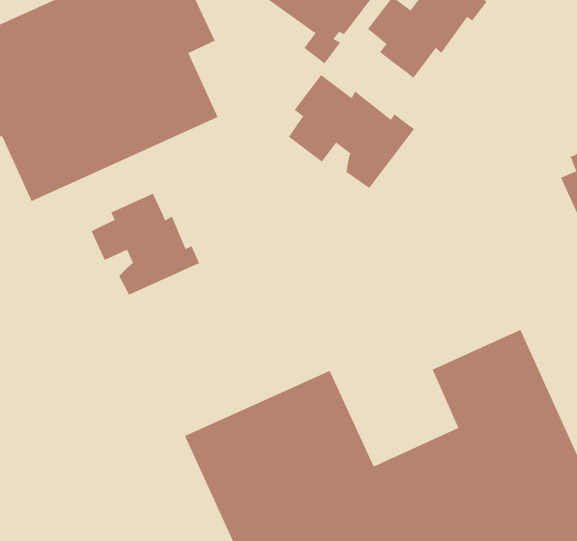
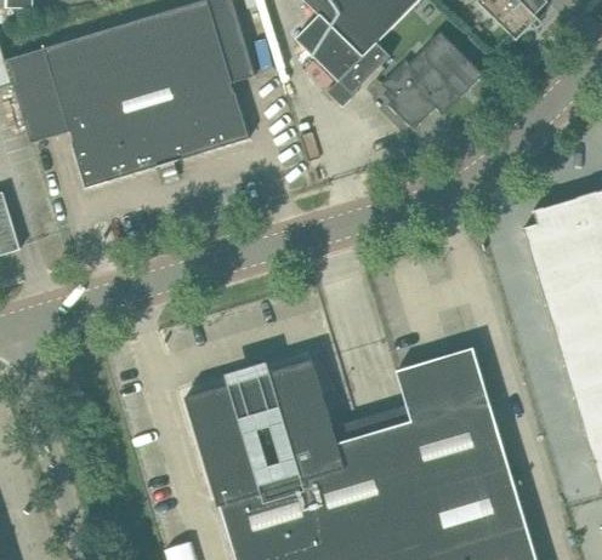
building: [288,74,415,189] -> none
building: [91,193,200,296] -> none

